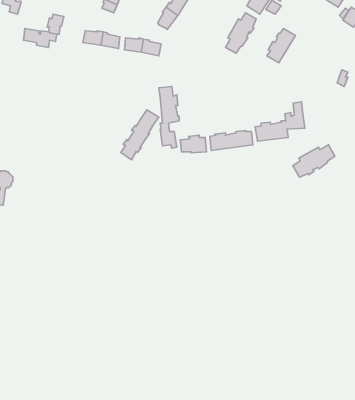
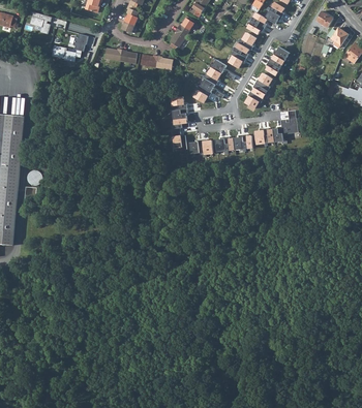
building: none -> [245,73,272,109]
building: [121,110,159,160] -> [193,60,227,103]
building: [293,145,335,177] -> none

